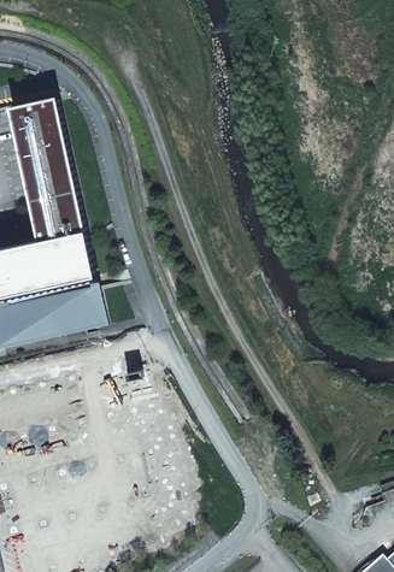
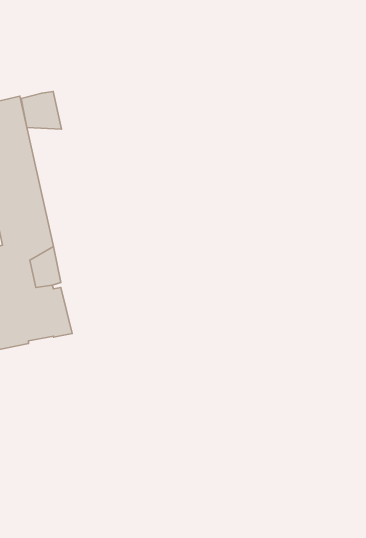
building: none -> [21,91,61,129]

